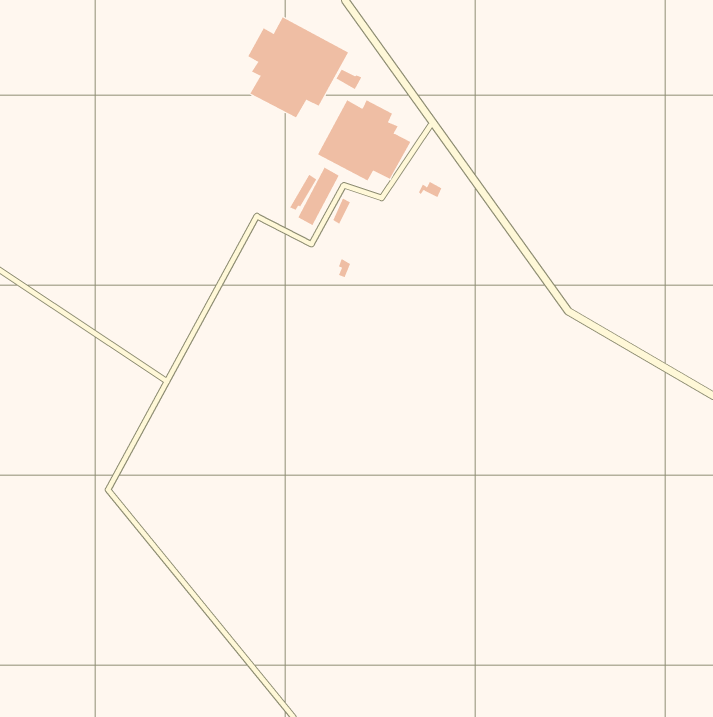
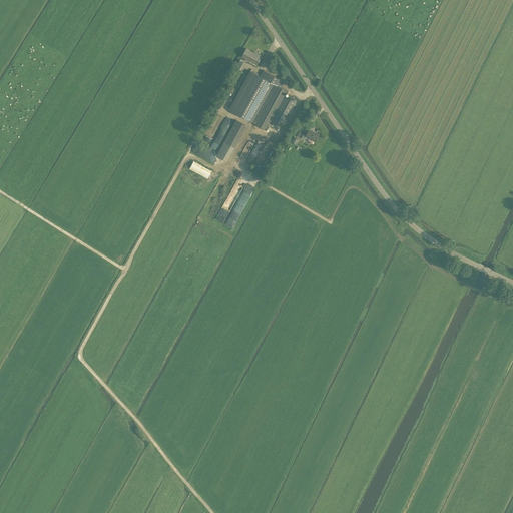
building: [248,16,349,118] -> none

